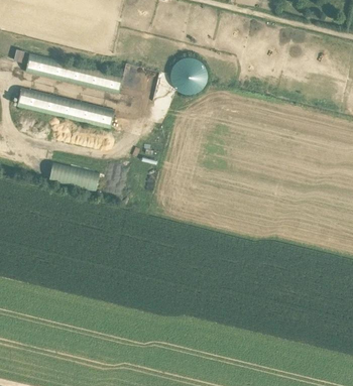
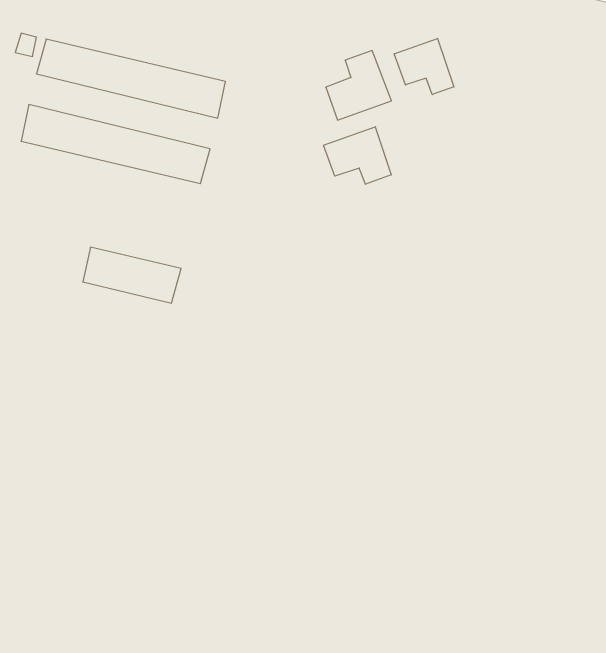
building: none -> [394,38,454,95]
building: none -> [324,127,391,184]

